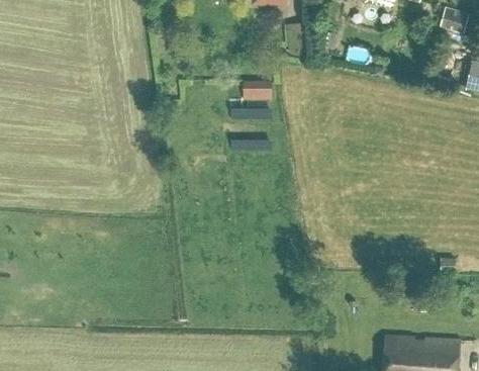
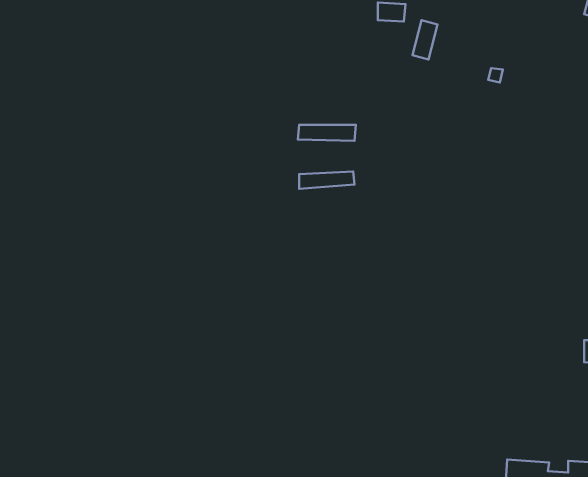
building: [243,80,272,99] -> none

